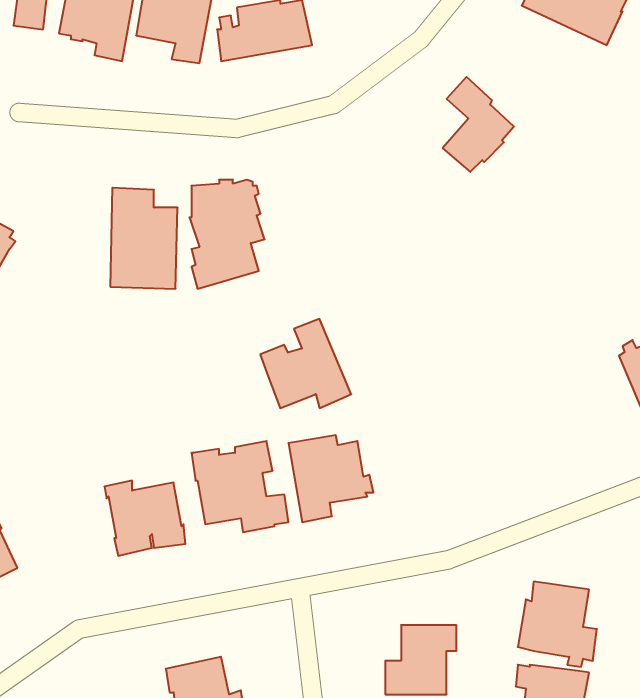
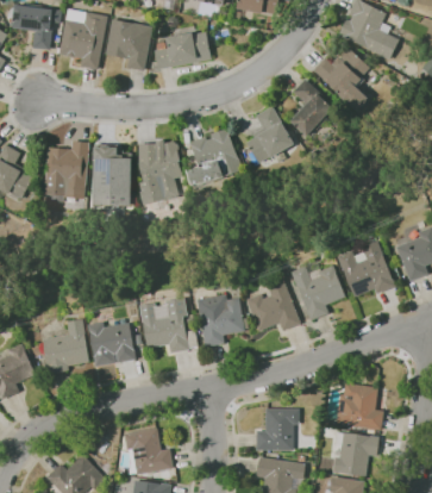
building: none -> [314,48,370,110]
building: none -> [246,106,294,163]
building: none -> [189,127,244,177]
building: none -> [45,141,88,199]
building: [260,319,351,408] -> [246,277,301,331]
building: none -> [337,241,395,297]
building: none -> [292,258,345,320]
building: none -> [43,318,89,374]

